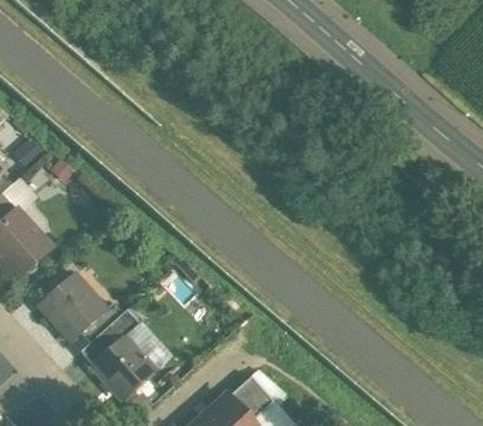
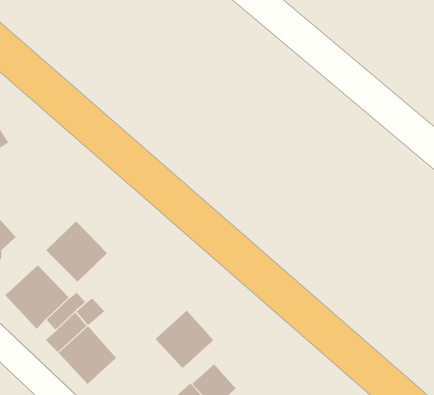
building: none -> [46,220,108,282]
building: none -> [155,310,214,369]

